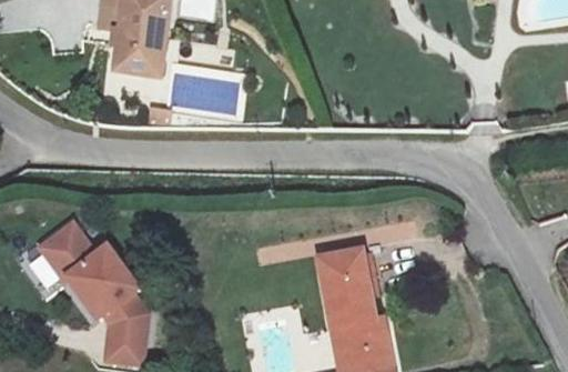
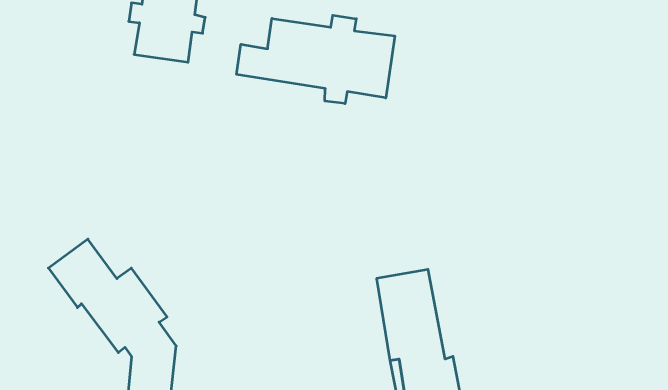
building: none -> [237,15,395,104]

